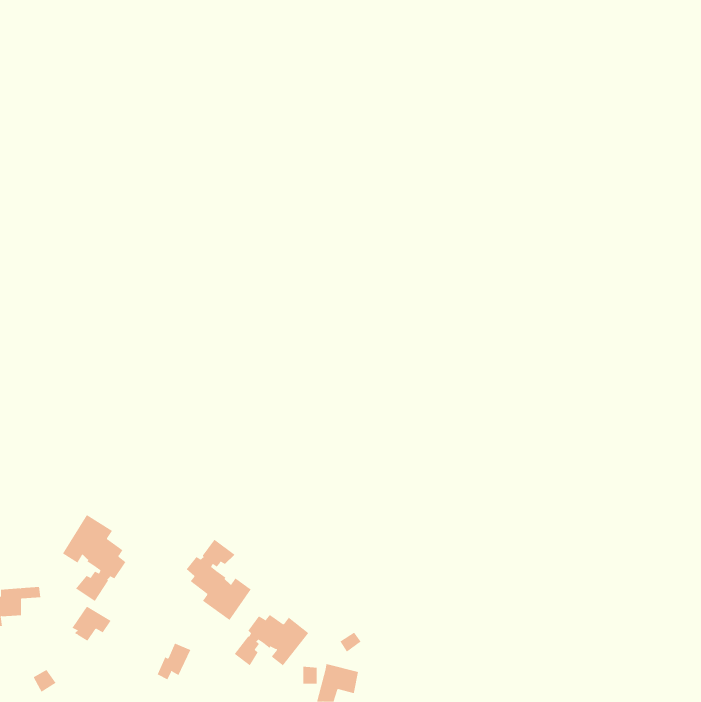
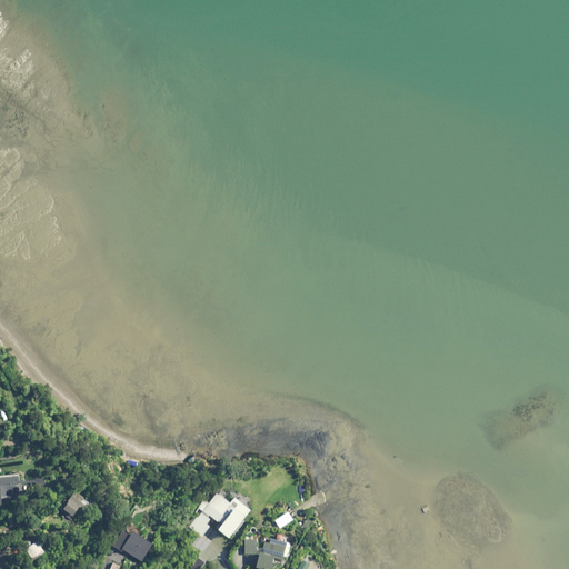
building: [62,514,126,602] -> none
building: [186,539,251,621] -> none

